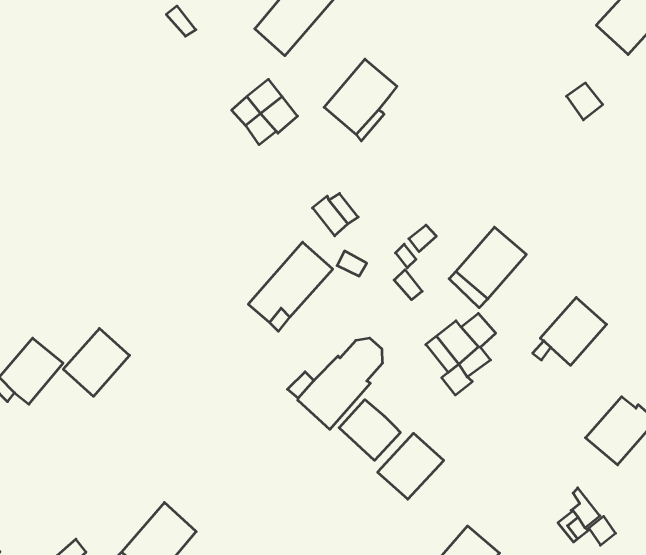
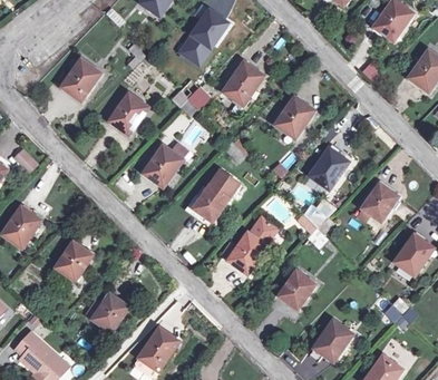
building: none -> [60,59,100,100]
building: none -> [108,92,147,135]
building: none -> [274,96,314,138]
building: none -> [143,145,183,187]
building: [63,328,130,396] -> [91,293,128,332]
building: [339,400,400,460] -> none

